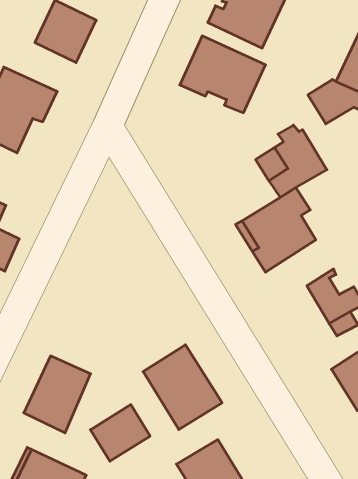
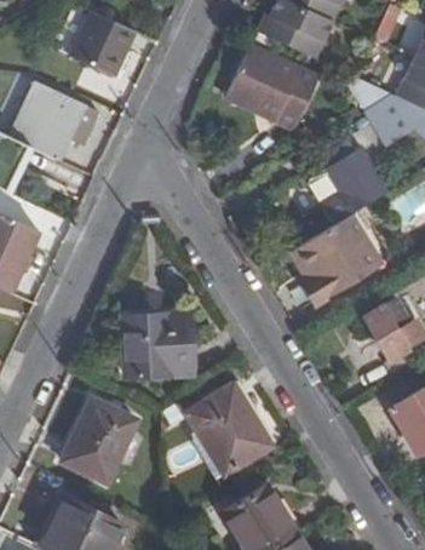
building: none -> [125,314,193,377]
building: [90,405,150,461] -> none

